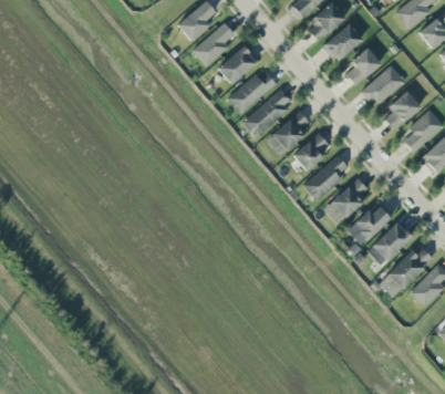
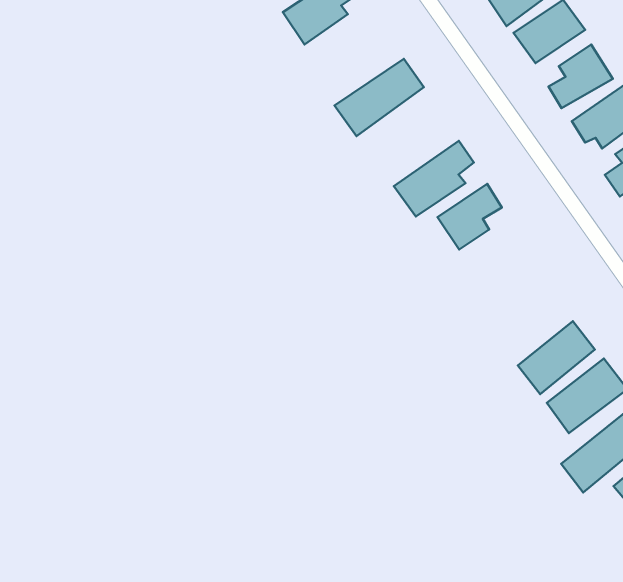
building: [217,44,258,84] -> none
building: [242,87,294,136] -> none
building: [303,155,348,200] -> none
building: [324,177,372,224] -> none

